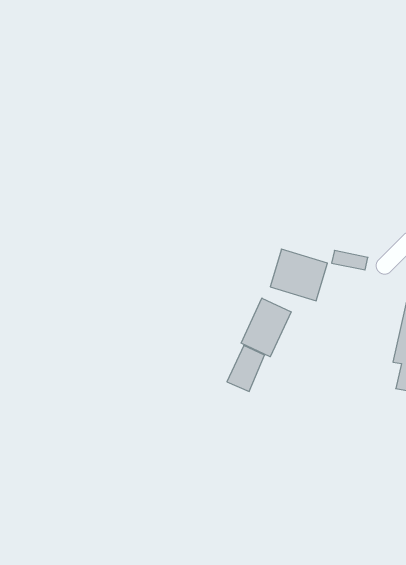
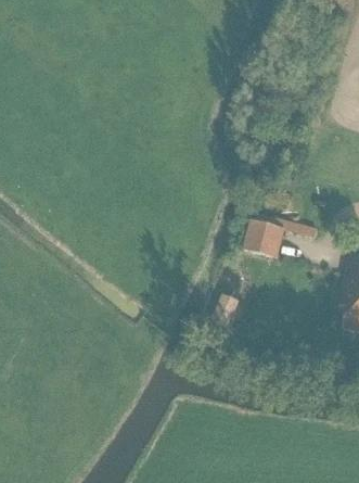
building: [241,298,291,357] -> none

